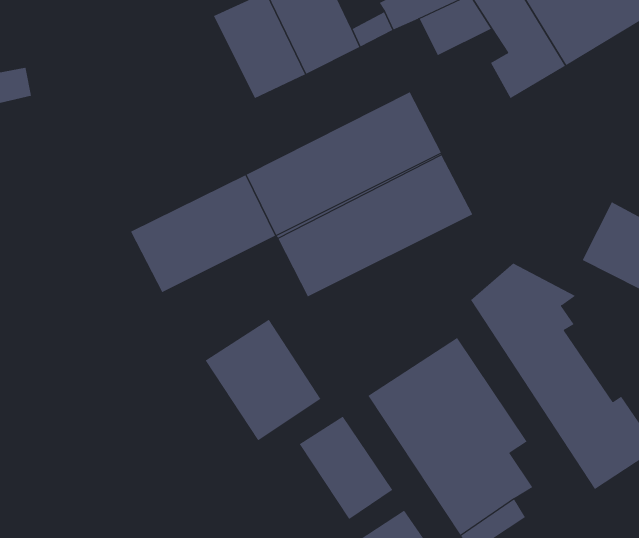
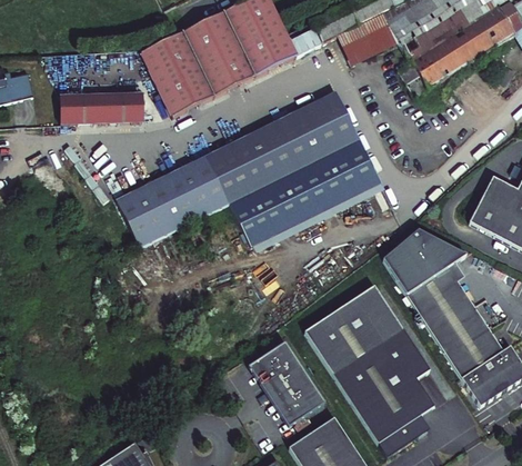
building: none -> [141,32,214,117]
building: none -> [61,92,141,122]
building: [205,319,321,441] -> none

